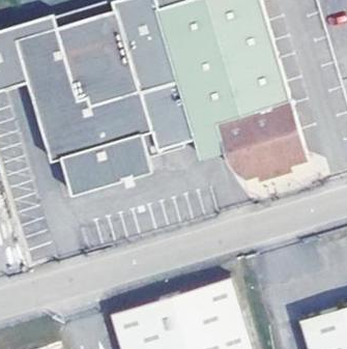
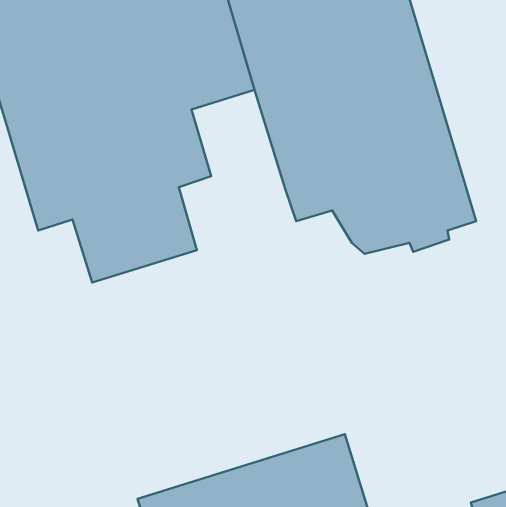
building: [141,80,195,148] -> none

